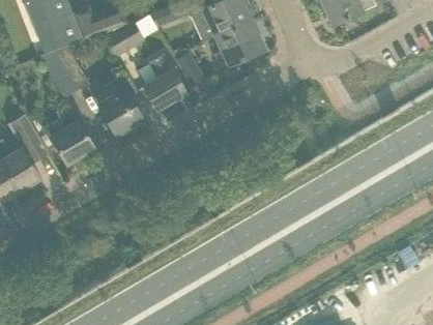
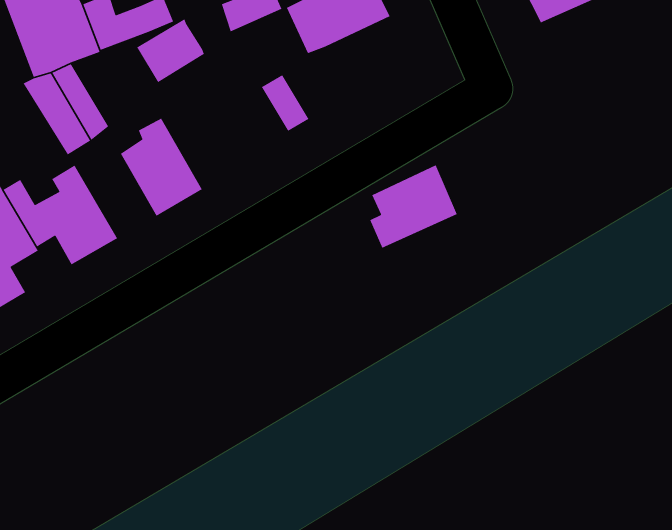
building: [211,19,262,67] -> [369,164,458,249]
building: [142,53,185,109] -> none

